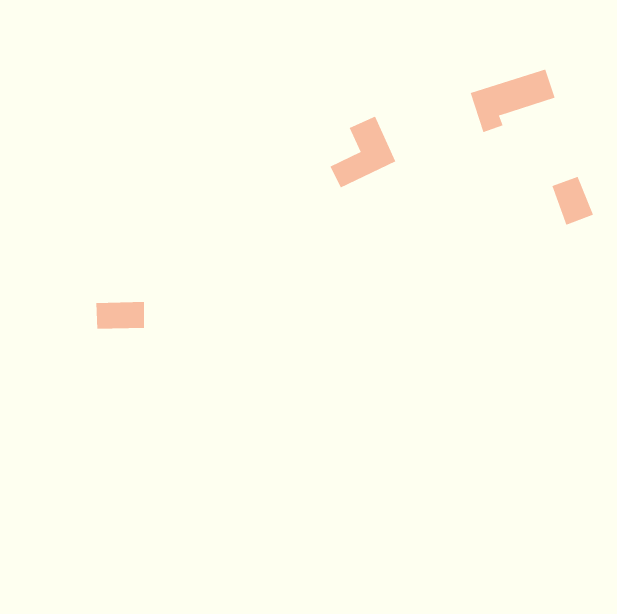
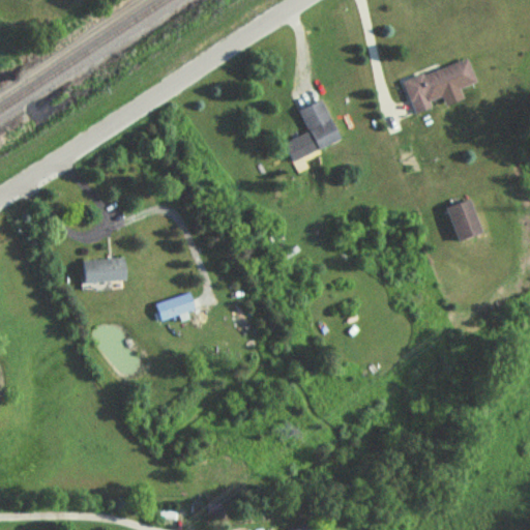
building: [551,176,594,226] -> [447,200,483,242]
building: none -> [160,292,195,318]

